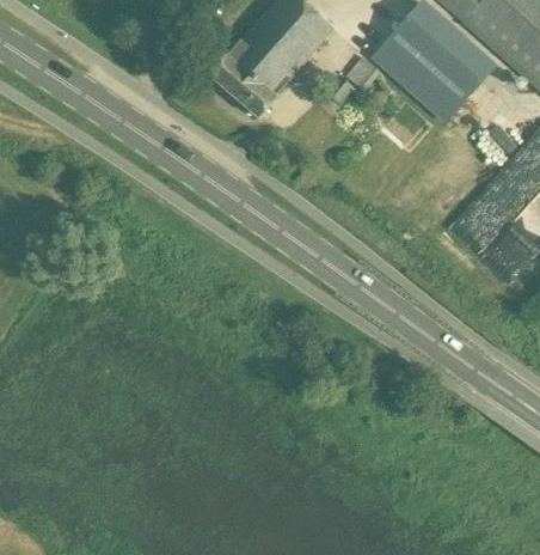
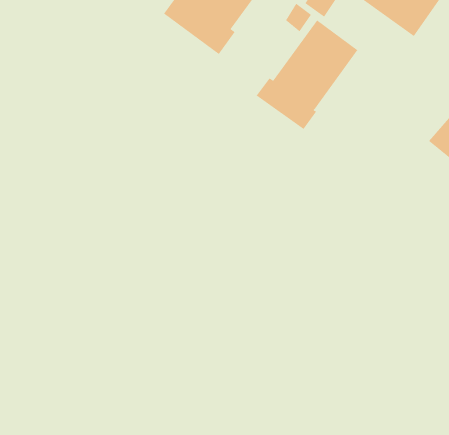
building: none -> [256,20,358,130]

